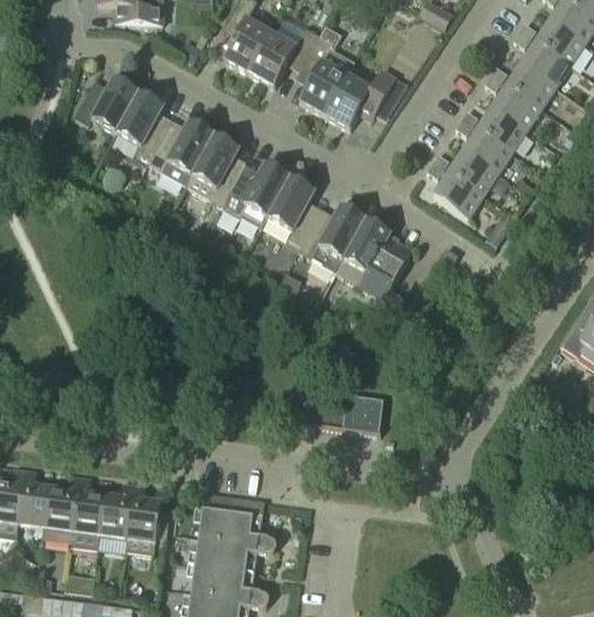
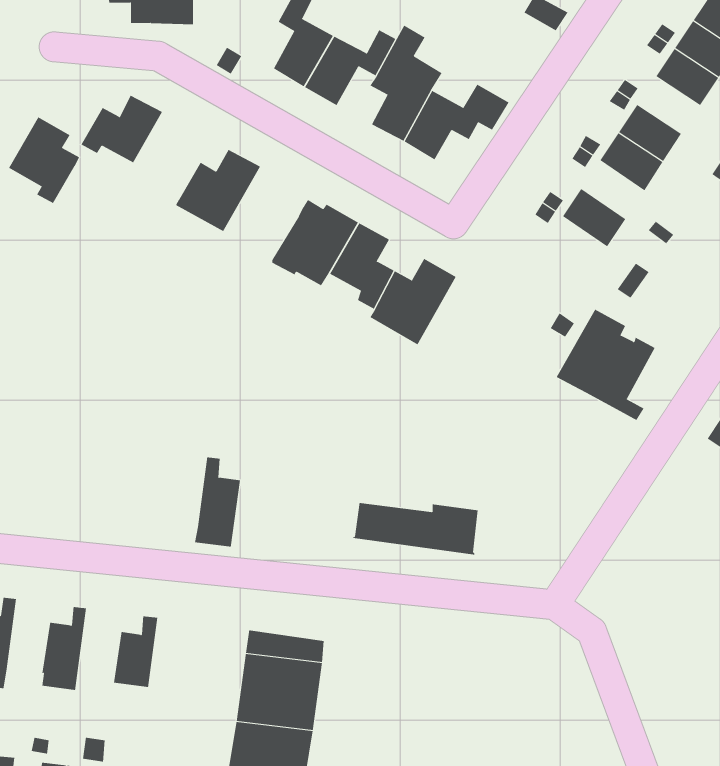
building: [506,63,555,107] -> none
building: [116,90,171,158] -> [8,117,80,204]
building: [463,128,512,174] -> none
building: [186,133,247,205] -> none
building: [433,171,483,217] -> none
building: [336,218,413,305] -> [556,309,655,421]
building: [18,468,51,525] -> none
building: [71,475,106,548] -> none
building: [125,482,161,552] -> [194,457,241,547]

